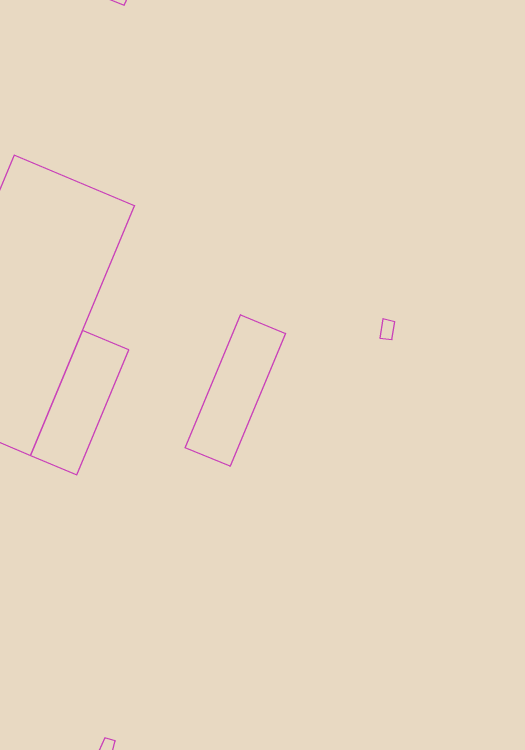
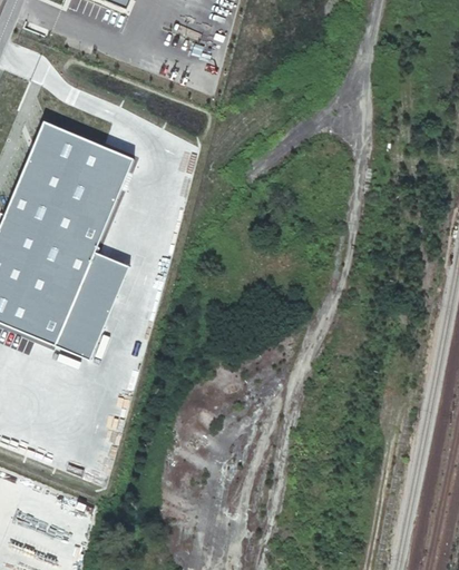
building: [185,315,285,466] -> none

